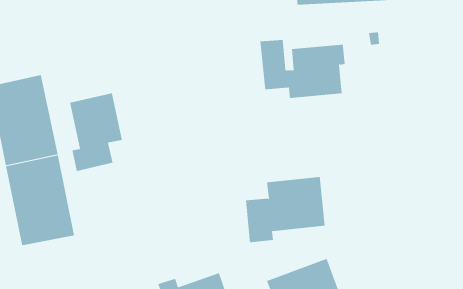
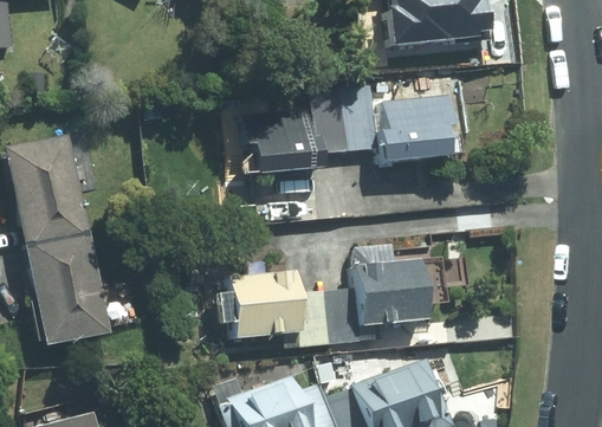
building: none -> [240,91,347,173]
building: [70,92,123,172] -> none
building: none -> [225,271,328,344]

